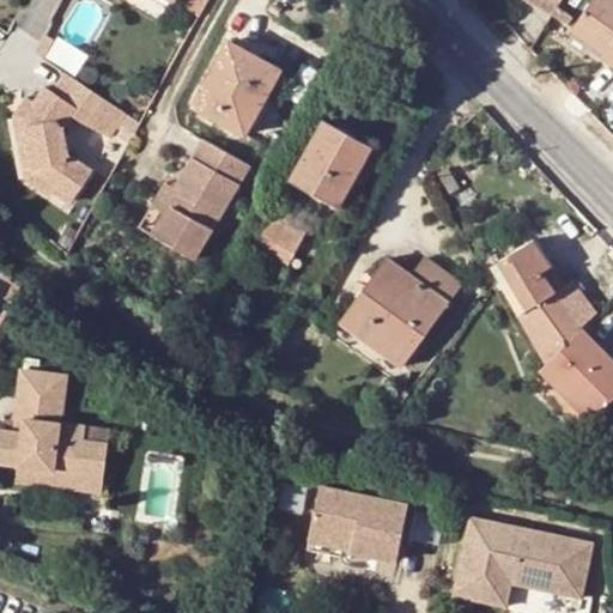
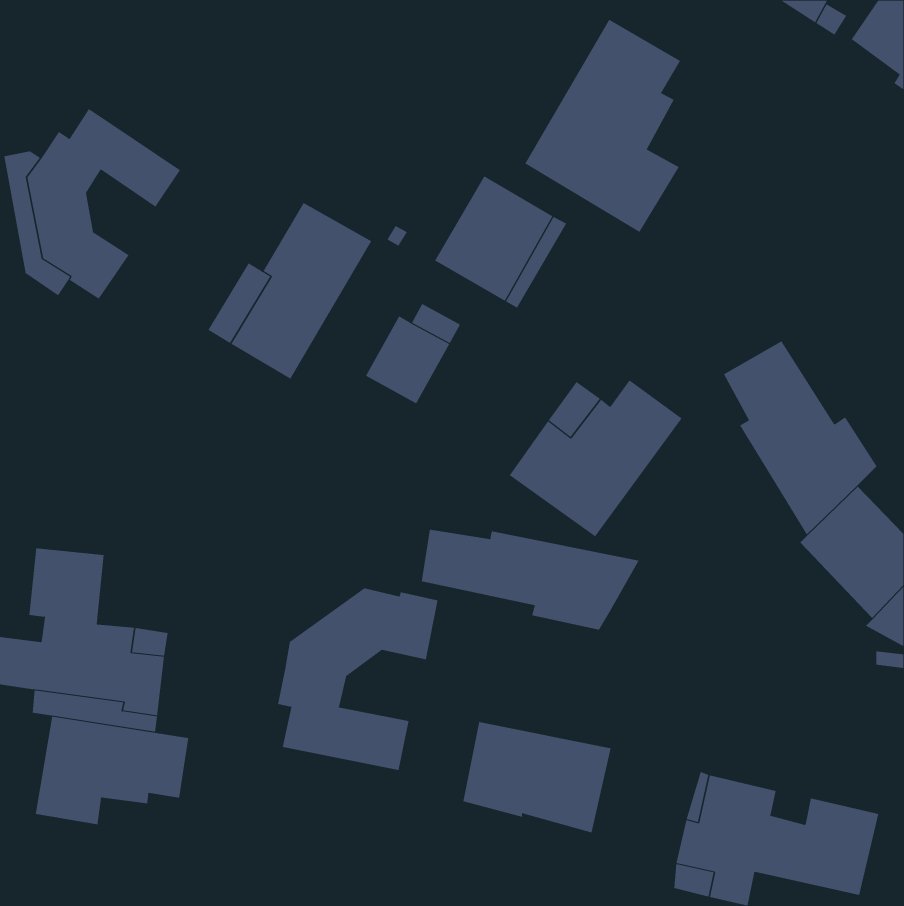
building: none -> [524,19,681,233]
building: [195,41,279,129] -> none
building: none -> [421,529,639,630]
building: none -> [278,587,438,771]
building: none -> [35,716,189,825]

